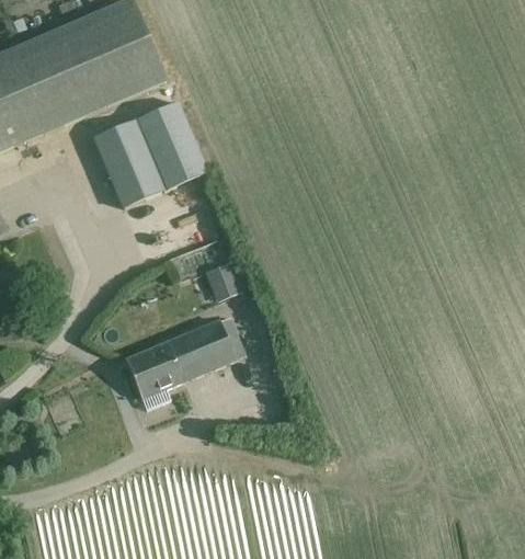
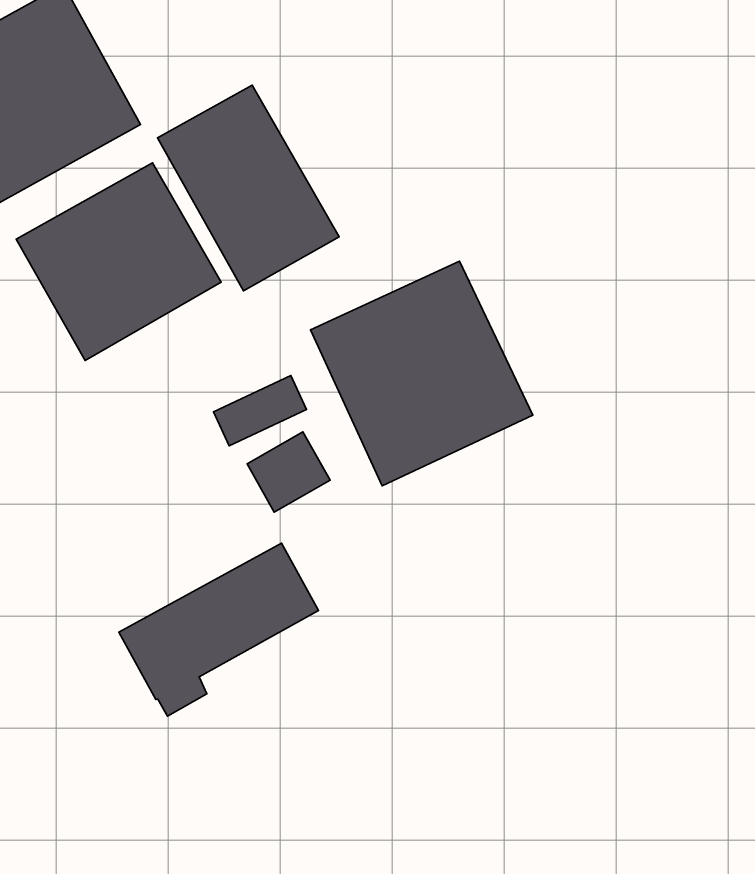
building: none -> [158,85,339,291]
building: none -> [310,261,533,486]

